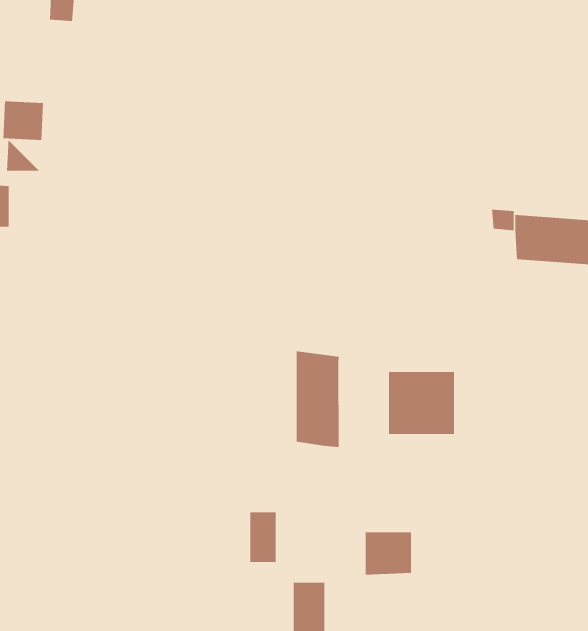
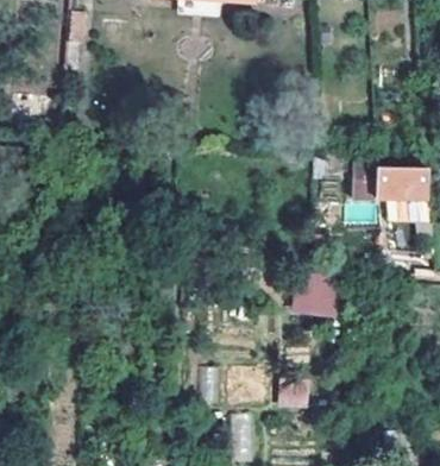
building: [296,350,339,448] -> none

